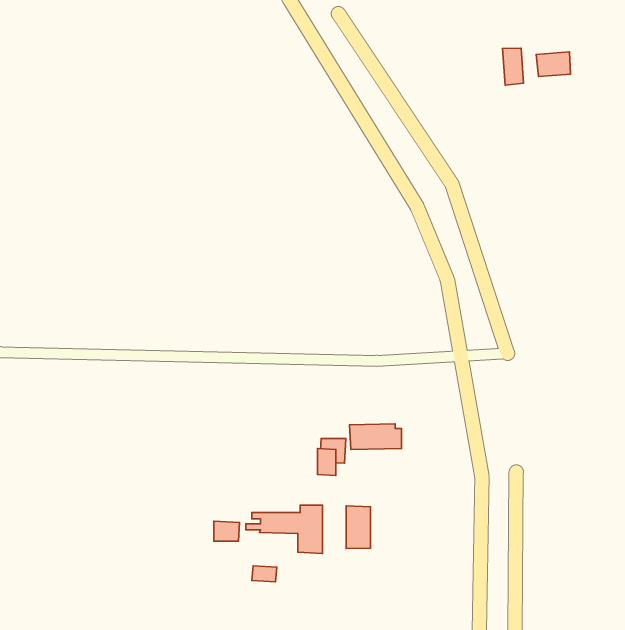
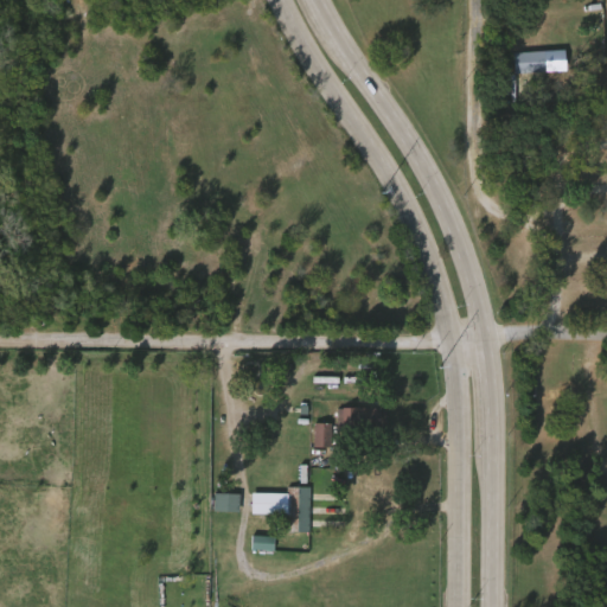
building: [502,48,524,85] -> none
building: [346,506,371,549] -> none

